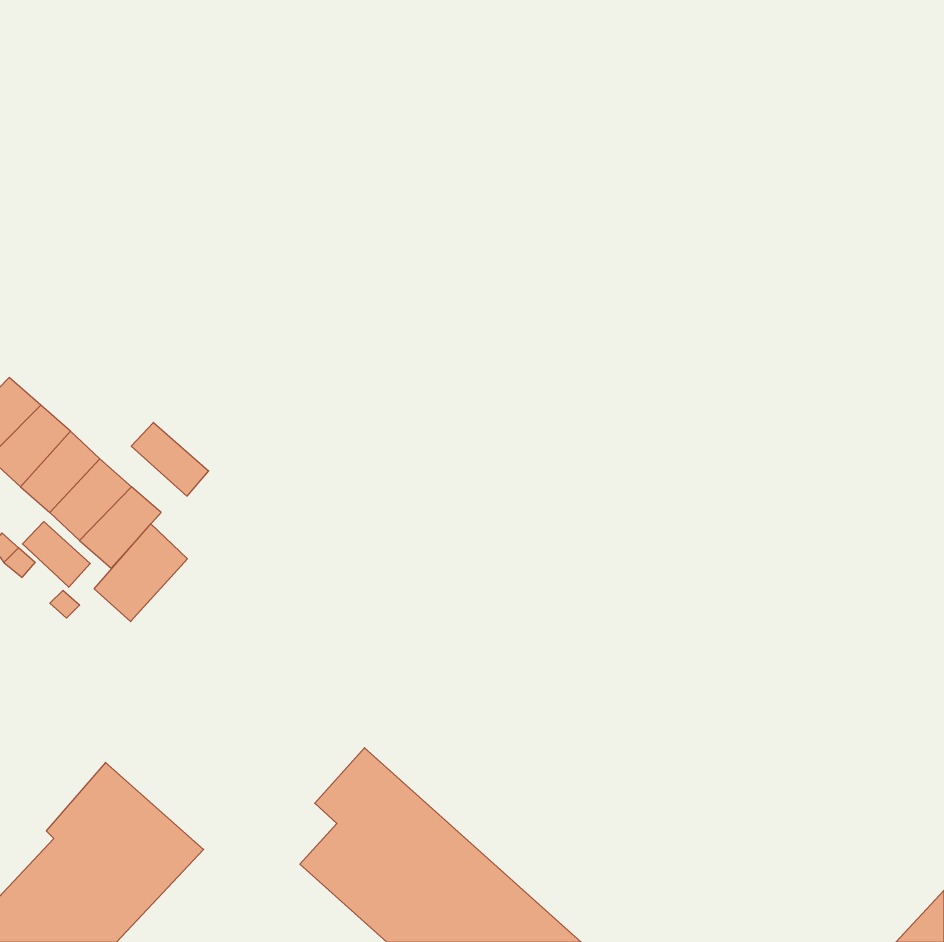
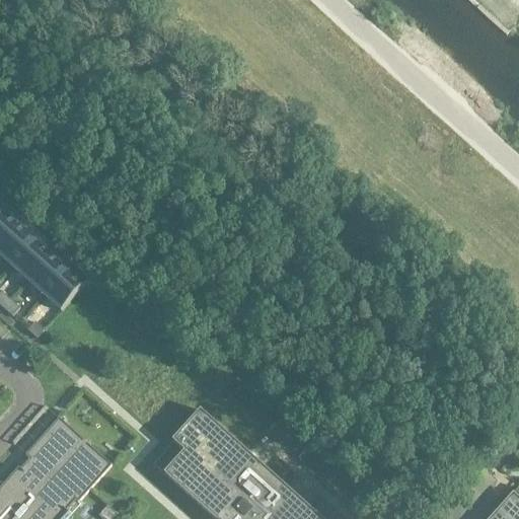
building: [131,422,209,496] -> none
building: [22,522,90,587] -> none
building: [94,524,187,622] -> none

